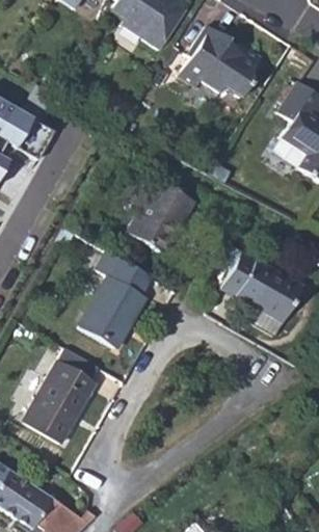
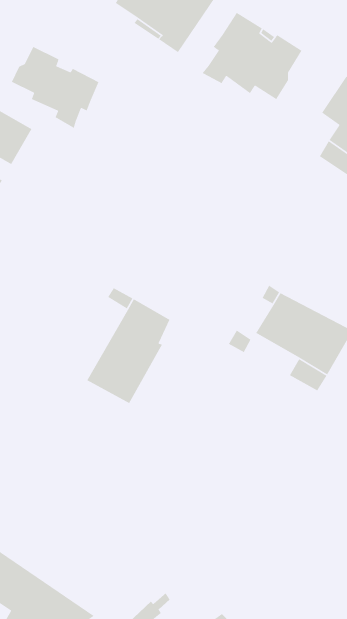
building: none -> [11,46,99,129]
building: [128,181,194,255] -> none
building: [23,347,100,444] -> none

